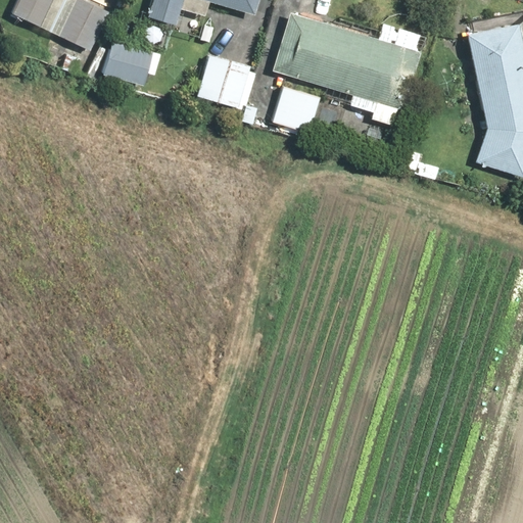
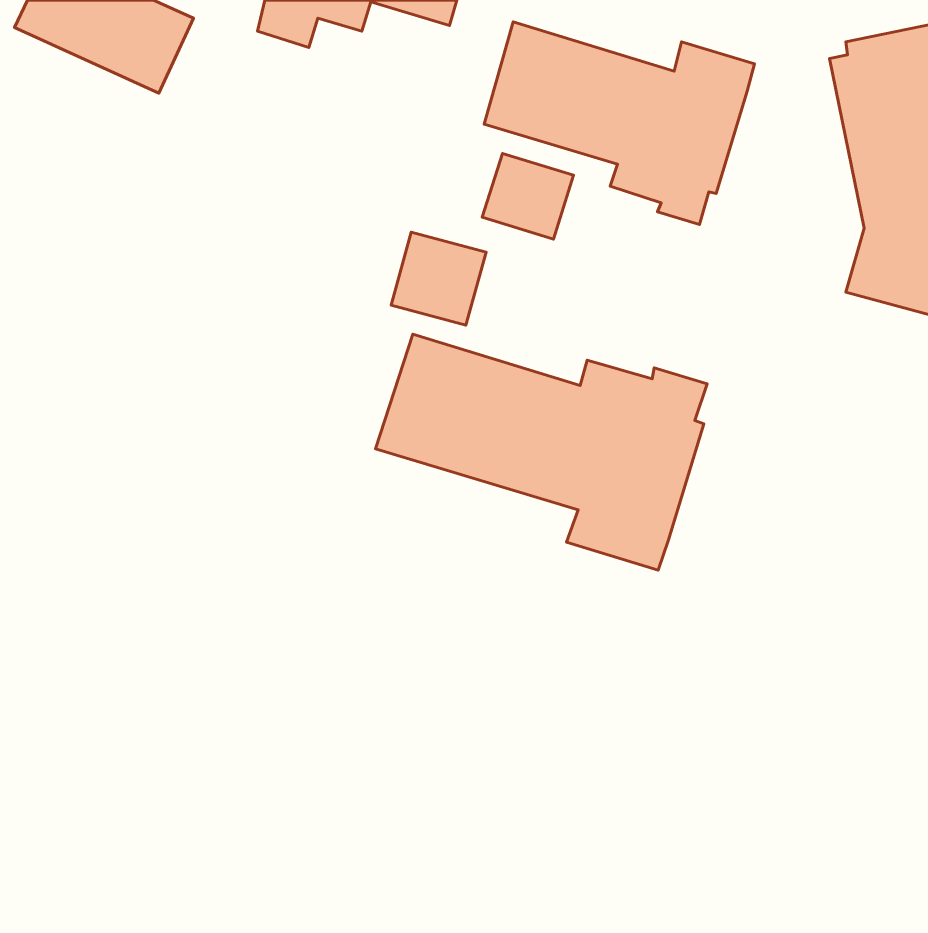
building: [103,40,153,85] -> none
building: [197,54,250,106] -> [391,232,486,325]
building: none -> [376,334,707,570]

